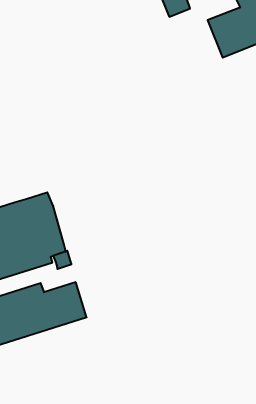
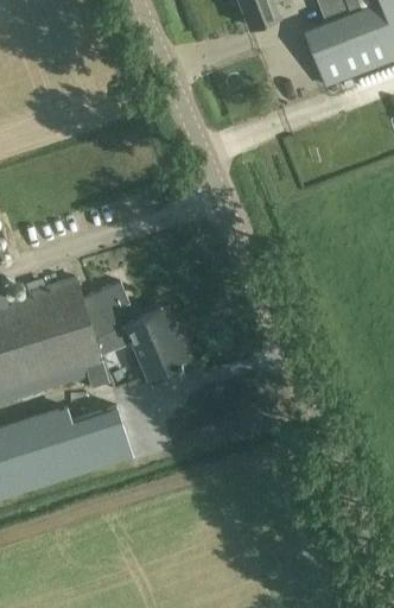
building: none -> [84,281,188,376]

